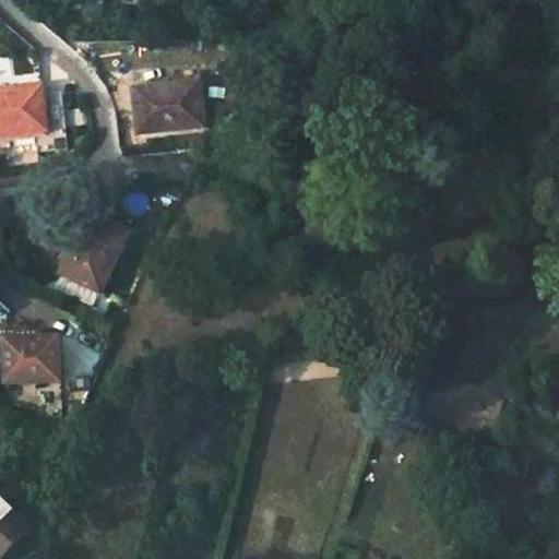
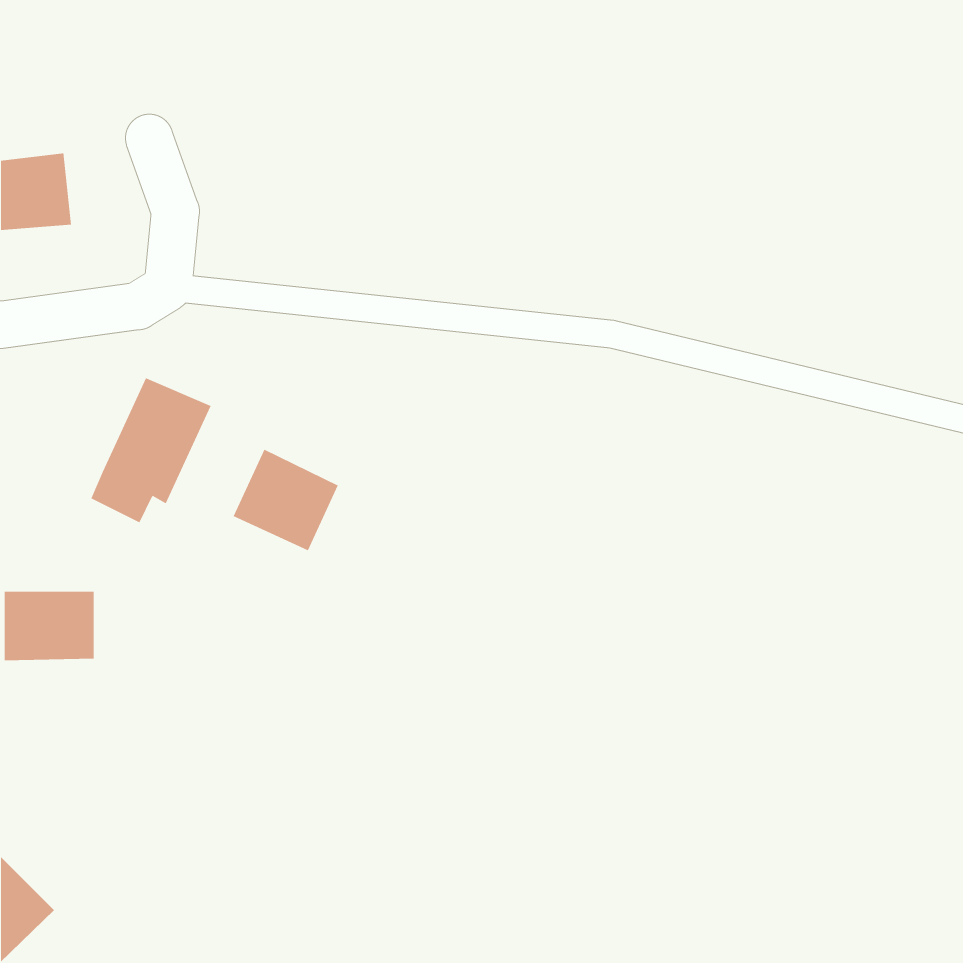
building: [133,82,203,130] -> none
building: none -> [233,449,339,551]

